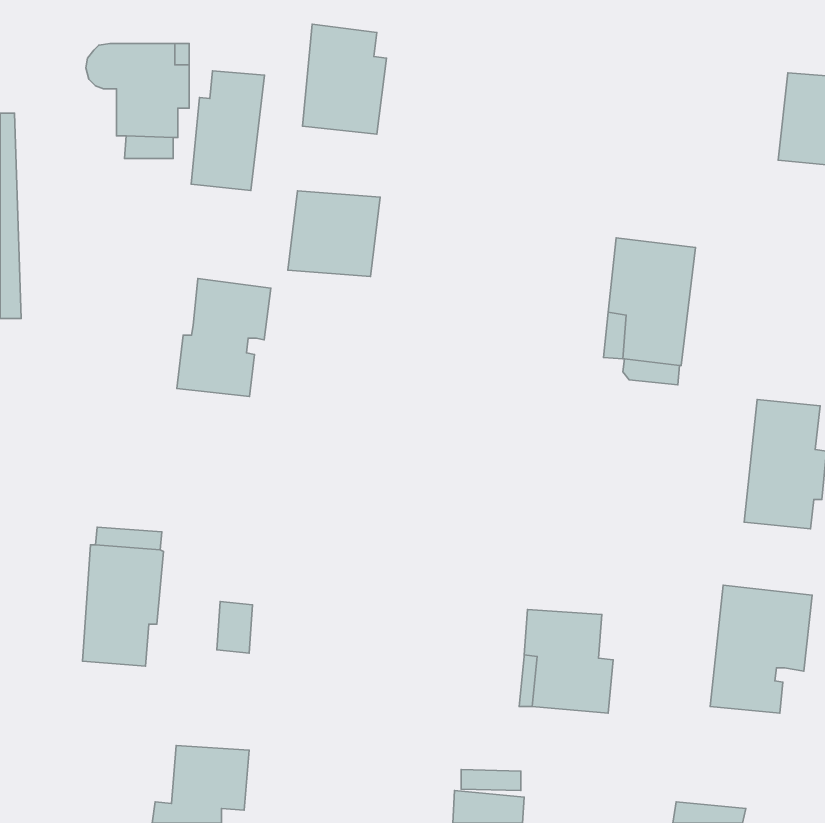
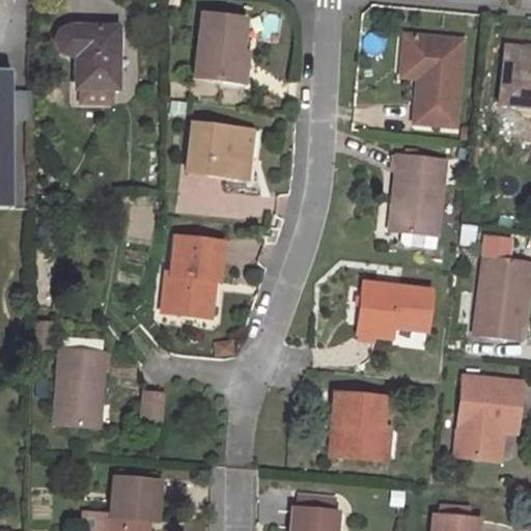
building: none -> [400,33,464,128]
building: [191,71,265,190] -> none
building: [177,279,271,397] -> [160,240,220,315]
building: none -> [357,281,432,341]

